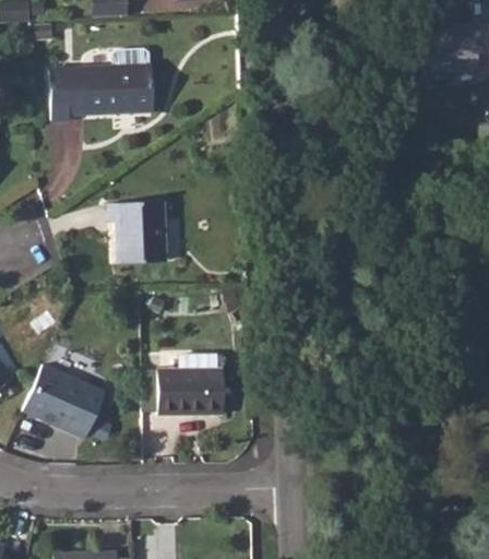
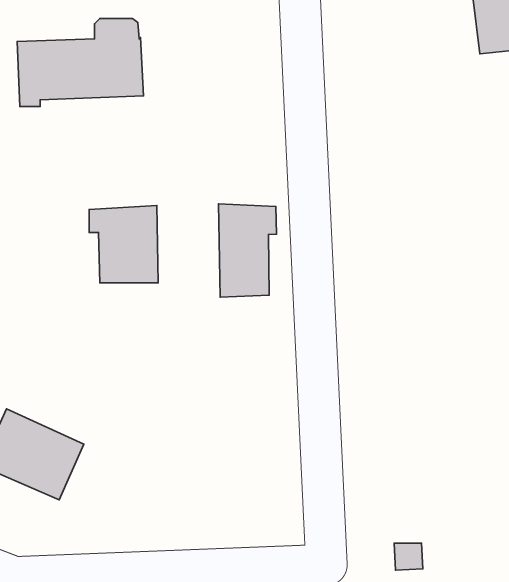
building: none -> [219,204,277,297]
building: [158,355,223,414] -> none

